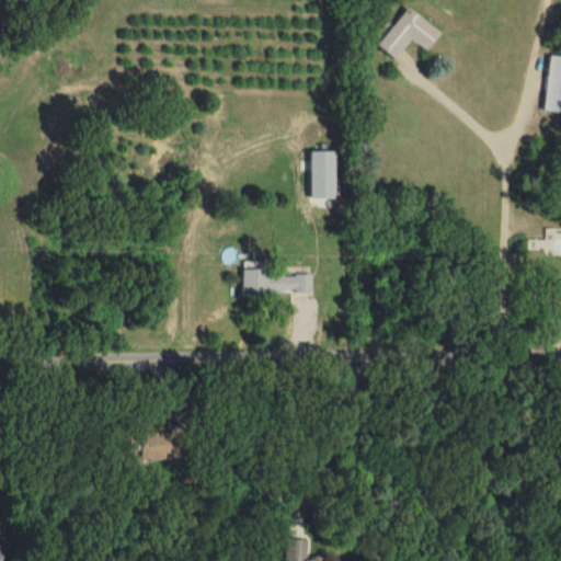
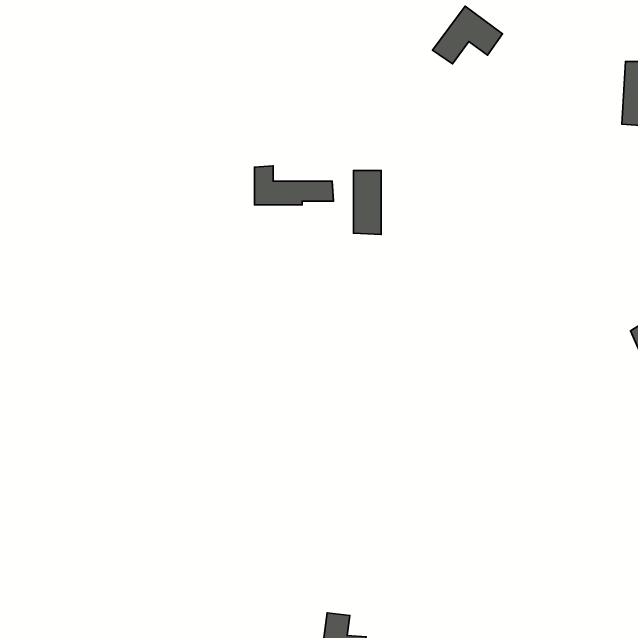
building: [243,261,312,295] -> [254,166,333,205]
building: [141,432,178,459] -> none

